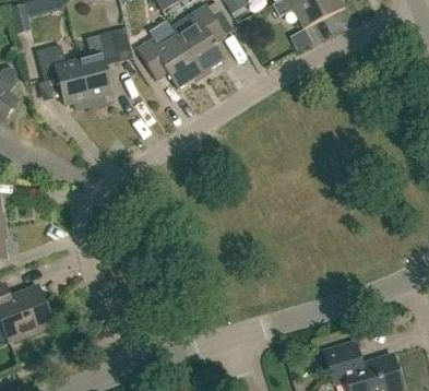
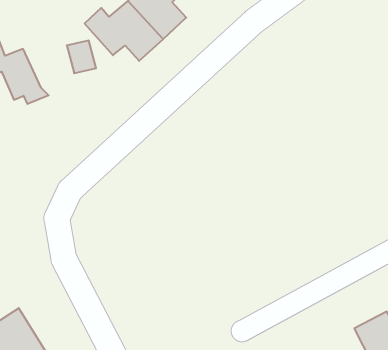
building: [79,32,118,105] -> none

